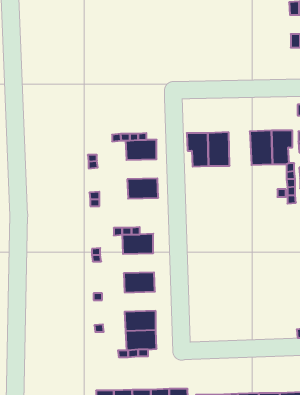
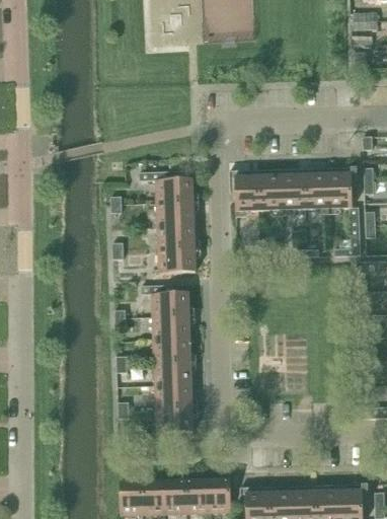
building: none -> [280,170,307,212]
building: none -> [156,204,194,228]
building: none -> [158,250,196,275]
building: none -> [152,317,189,342]
building: none -> [154,364,191,388]

